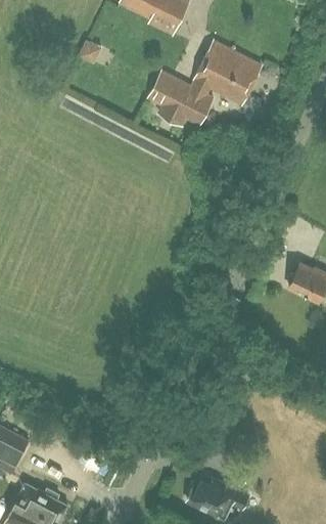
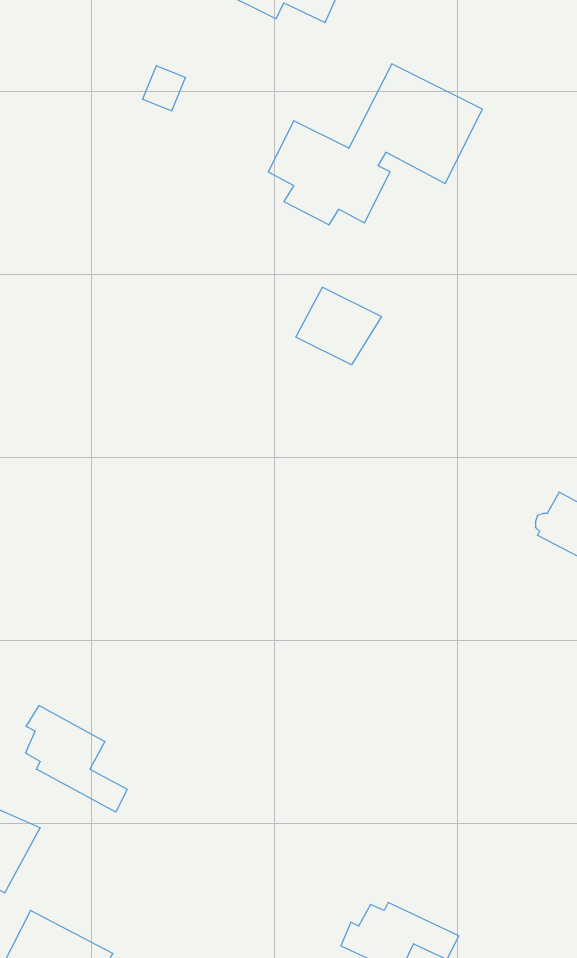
building: none -> [296,287,381,365]
building: none -> [25,706,127,812]

